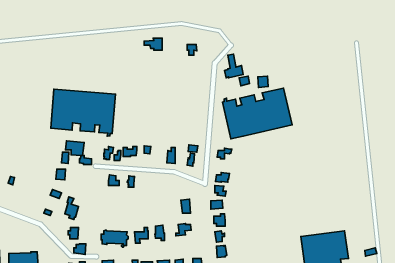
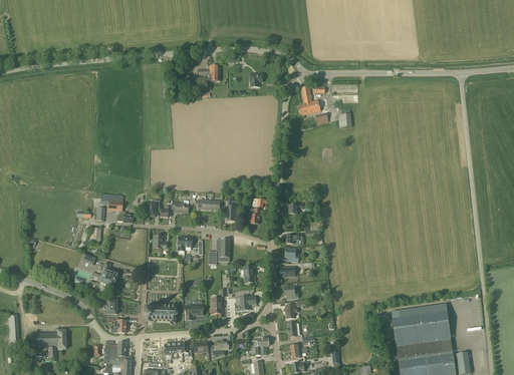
building: [222,88,292,139] -> none
building: [51,89,116,136] -> none
building: none -> [209,239,230,264]

